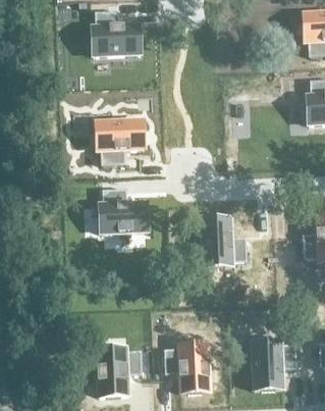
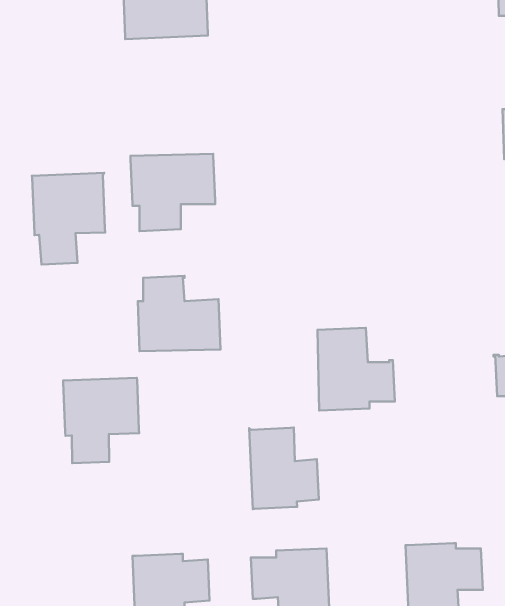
building: none -> [32,173,105,264]
building: none -> [63,378,139,463]
building: none -> [249,428,319,509]

